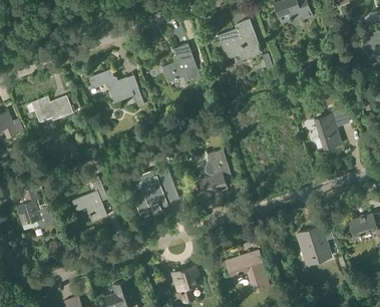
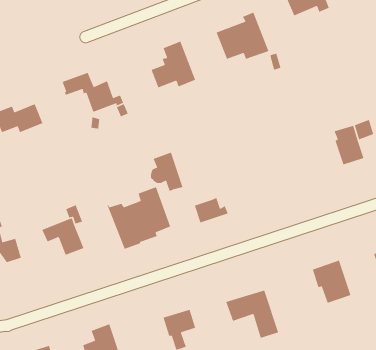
building: [205,148,233,183] -> [150,151,184,192]

